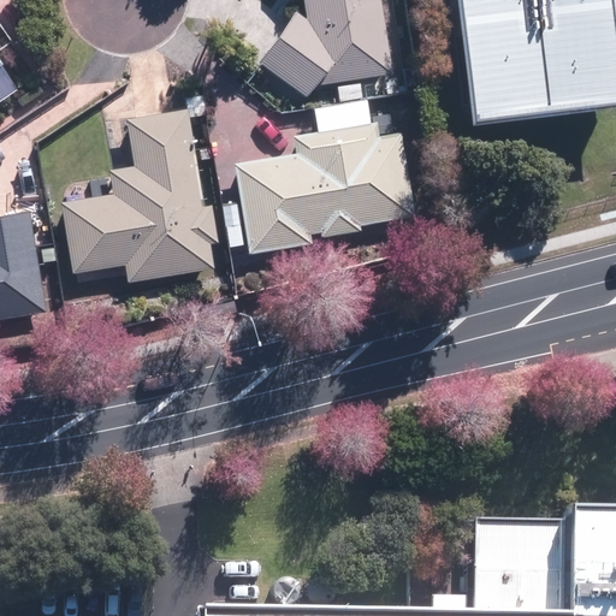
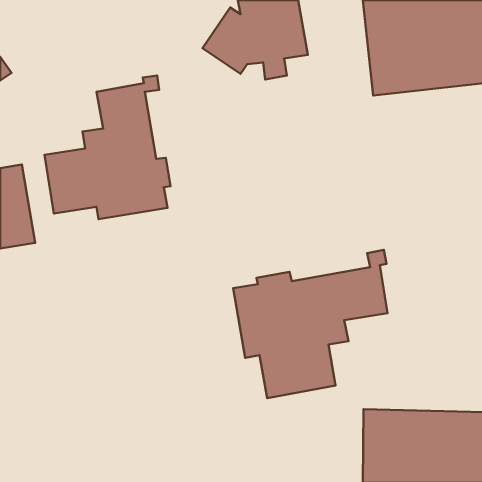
building: [223,97,414,255] -> none
building: none -> [233,250,387,398]

